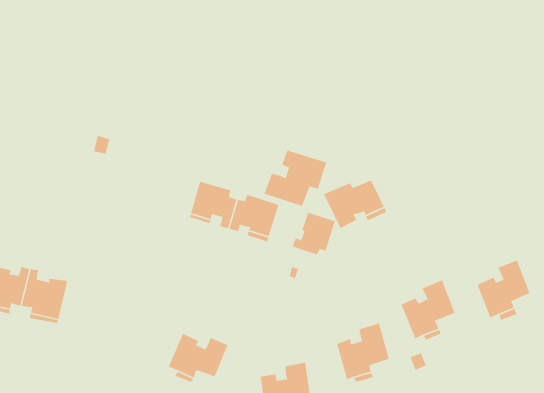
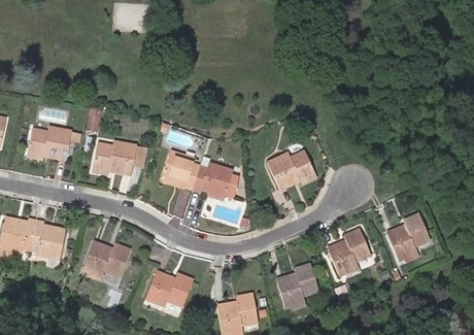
building: none -> [28,126,81,159]
building: [263,149,327,207] -> none
building: none -> [94,141,137,173]
building: [292,212,336,256] -> none
building: none -> [83,240,131,279]

